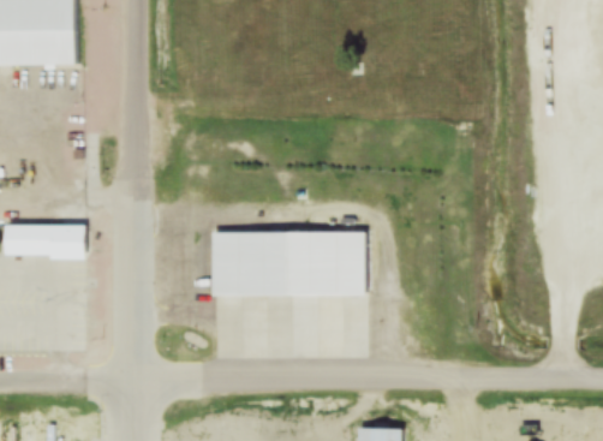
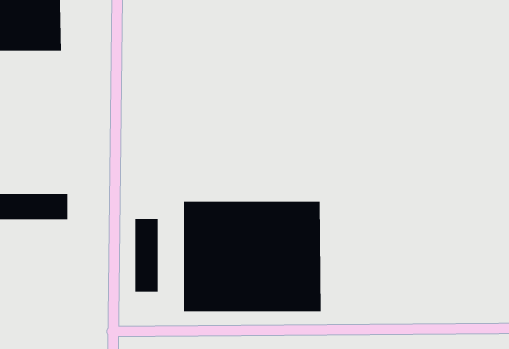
building: none -> [135,218,159,292]

